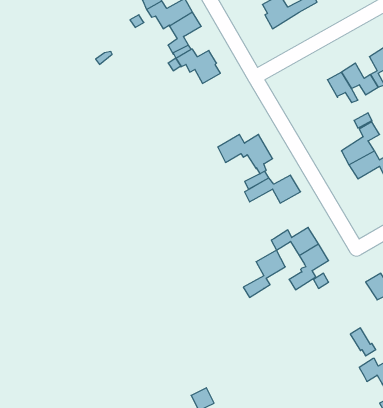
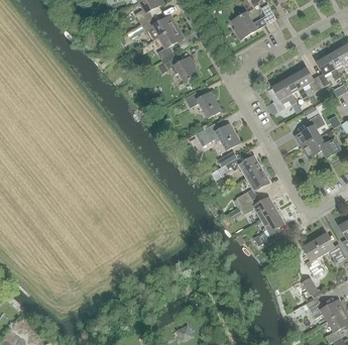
building: none -> [272,80,301,113]
building: none -> [185,92,221,118]
building: [243,250,285,297] -> [236,168,269,206]
building: none -> [303,240,323,276]

